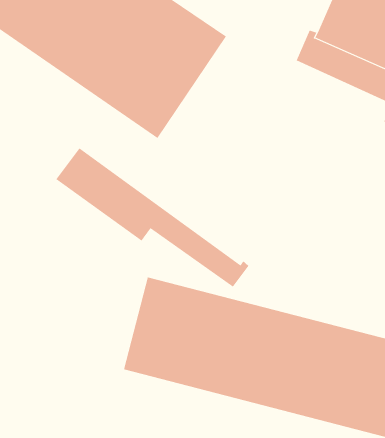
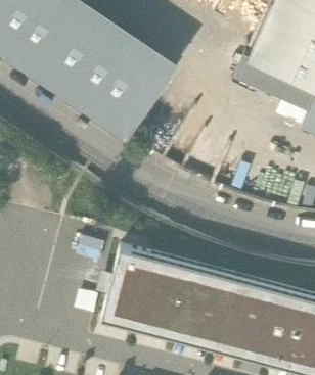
building: [55,147,249,287] -> none

